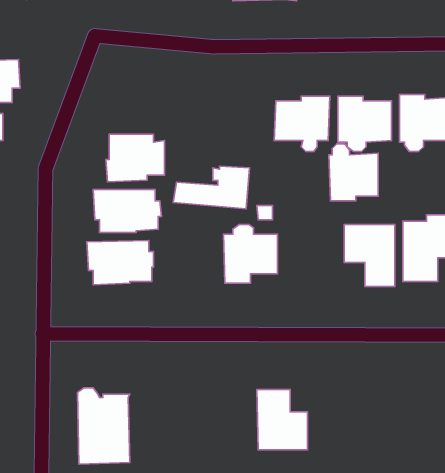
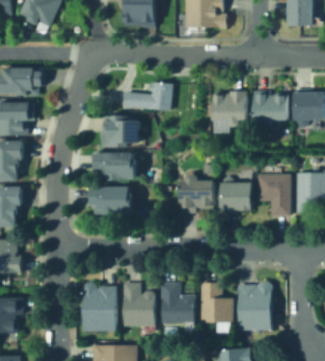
building: [329,144,378,201] -> [219,176,251,213]
building: [173,166,250,209] -> [123,81,172,109]
building: none -> [237,281,272,330]
building: none -> [121,282,156,326]
building: none -> [160,282,195,325]

